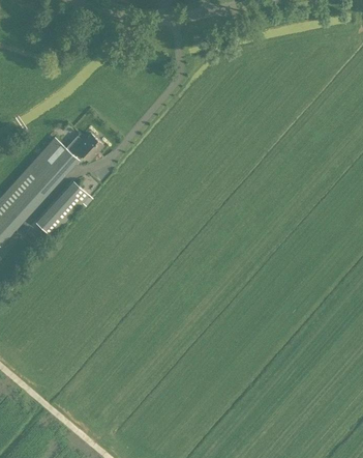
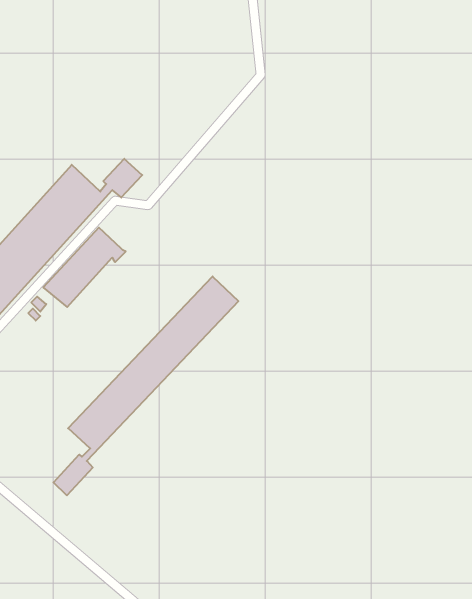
building: none -> [53,276,238,495]

